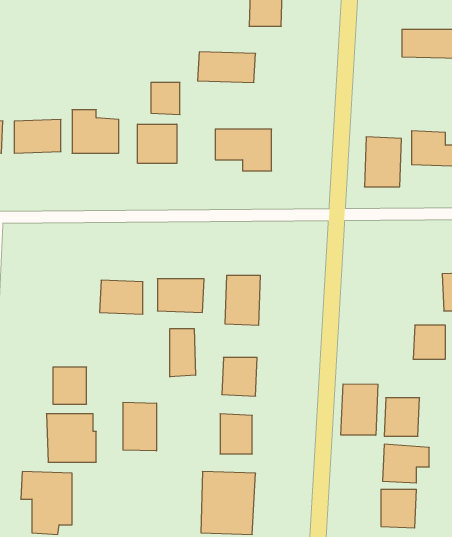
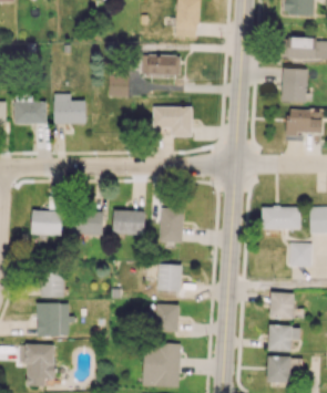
building: [138,124,177,163] -> none
building: [364,137,401,187] -> [282,68,307,102]
building: none -> [262,207,300,228]
building: none -> [32,210,62,237]
building: [170,329,196,377] -> none
building: [341,384,378,435] -> none
building: [123,402,156,451] -> none

